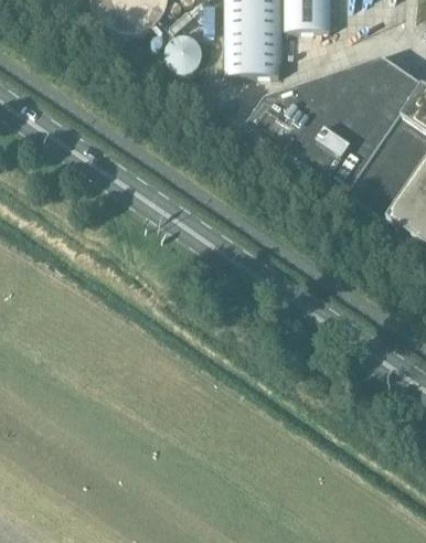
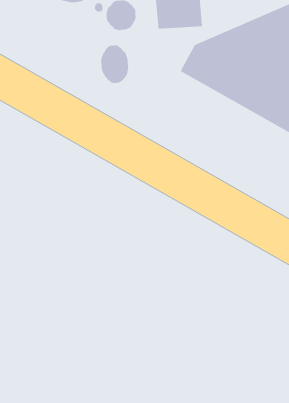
building: none -> [101,45,129,84]

